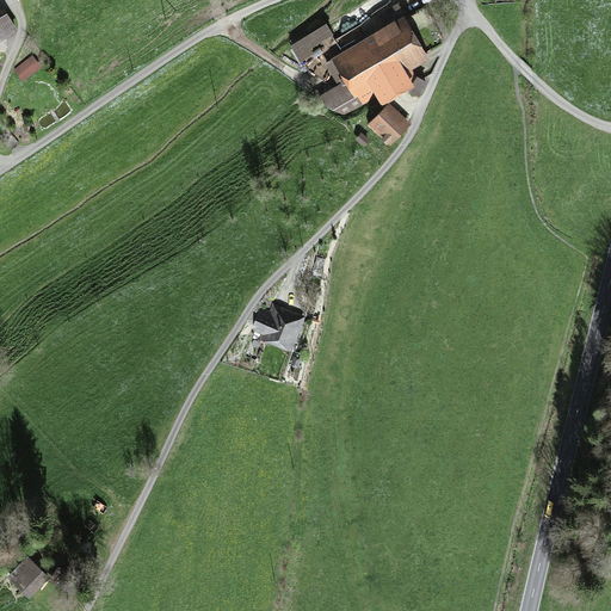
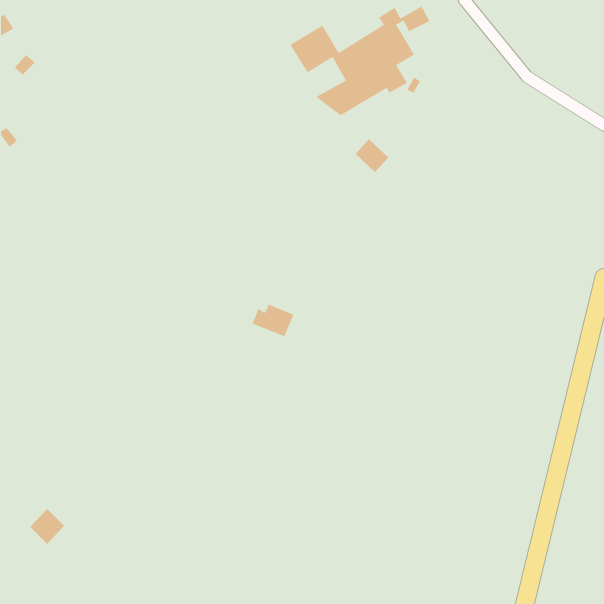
building: [374,106,408,141] -> [355,139,389,173]
building: [11,558,47,595] -> [29,508,65,545]

